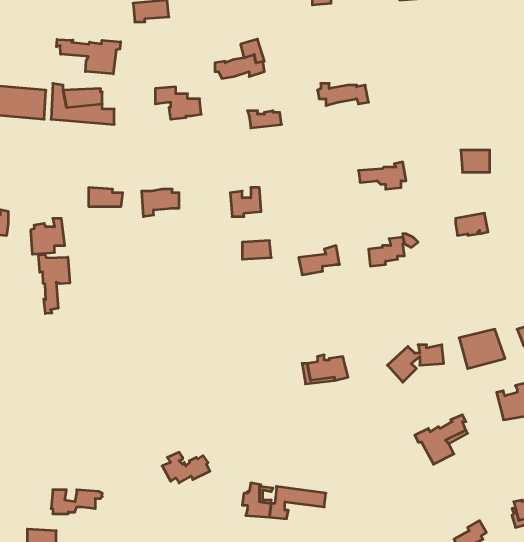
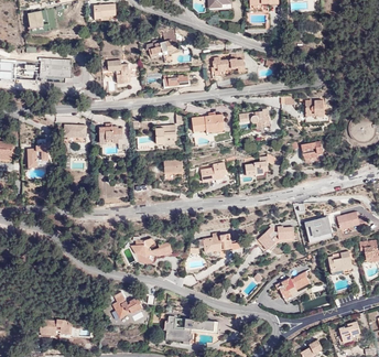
building: [56,39,121,74] -> none
building: none -> [191,115,224,132]
building: [38,254,70,314] -> none
building: none -> [130,238,172,264]

